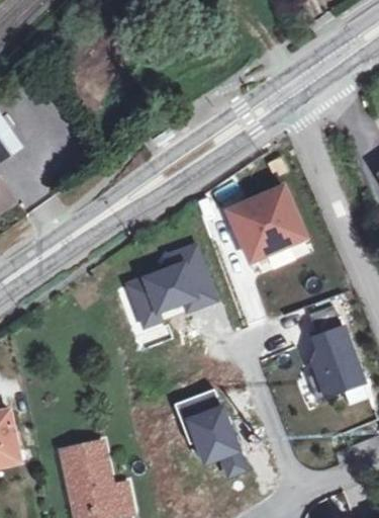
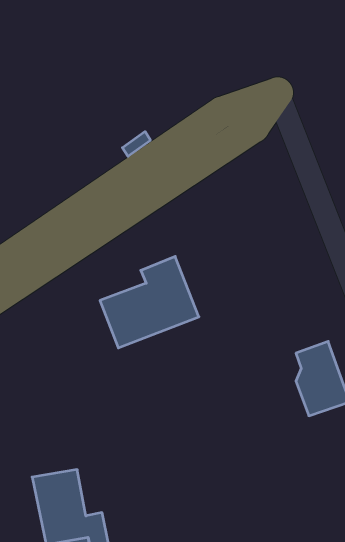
building: [224,184,300,256] -> none
building: [175,388,244,474] -> none

